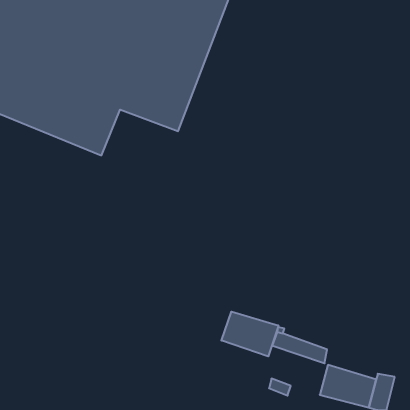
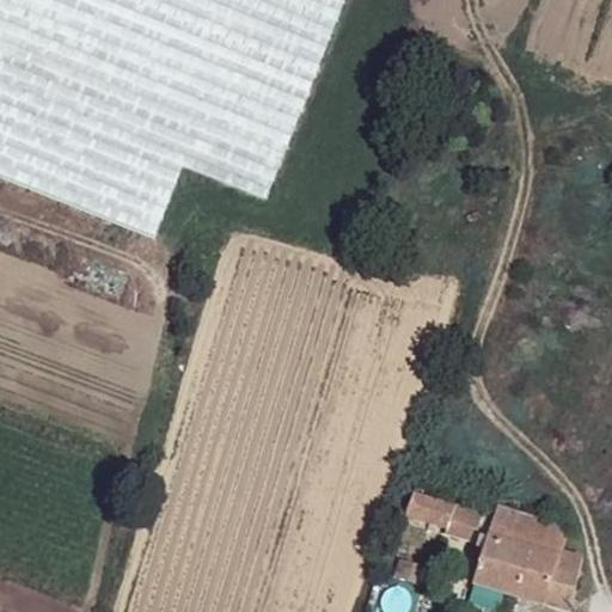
building: [221,312,278,356] -> none
building: none -> [486,512,568,563]

